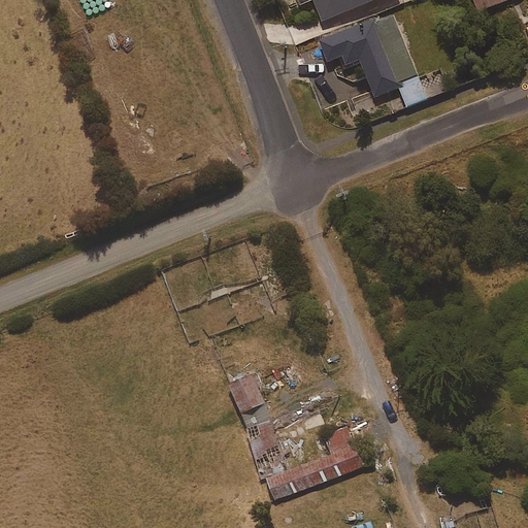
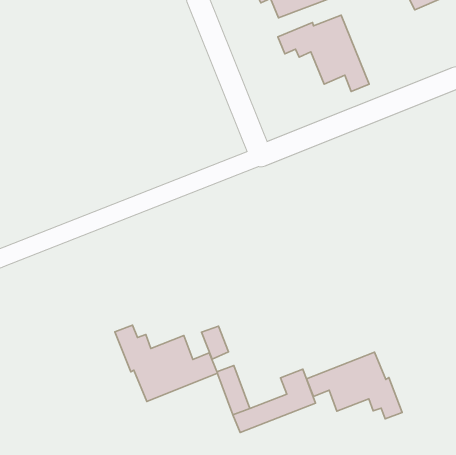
building: none -> [115,325,217,401]
building: none -> [306,352,402,419]

